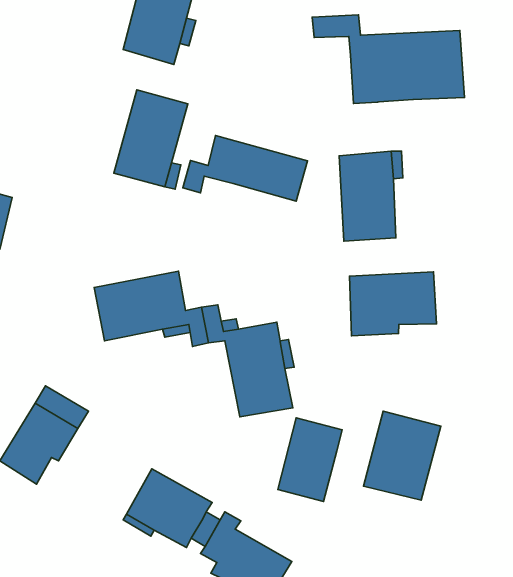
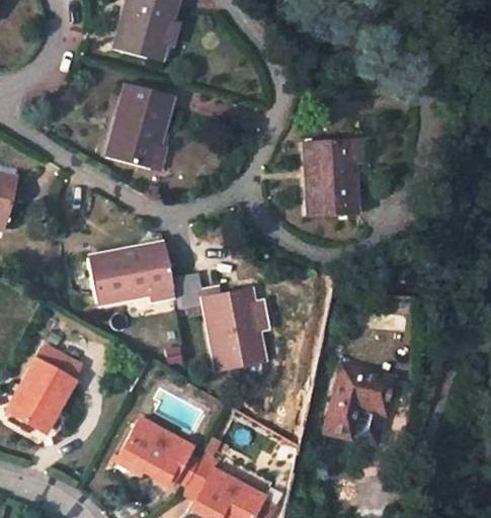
building: [312,15,464,103] -> none
building: [183,136,307,201] -> none
building: [349,272,437,336] -> none
building: [278,418,342,501] -> none

